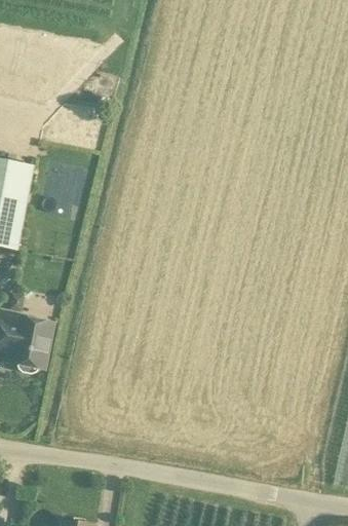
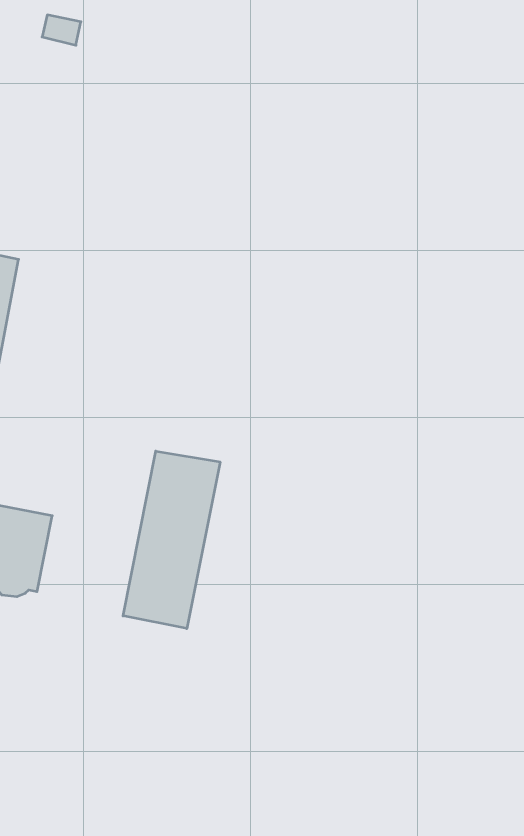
building: none -> [123,451,220,629]

